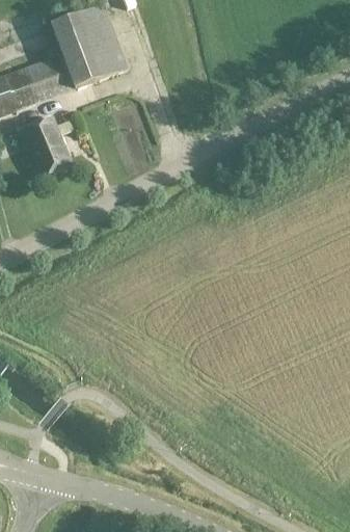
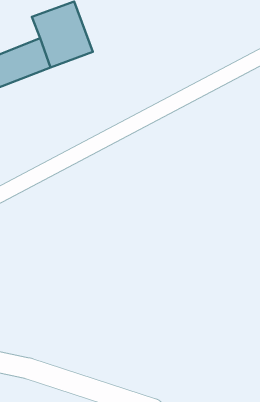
building: [19,115,74,178] -> none

